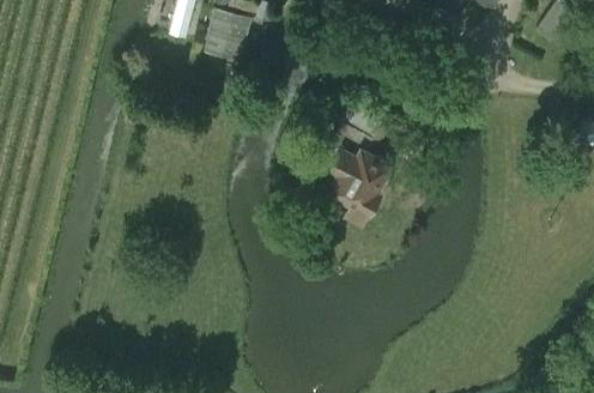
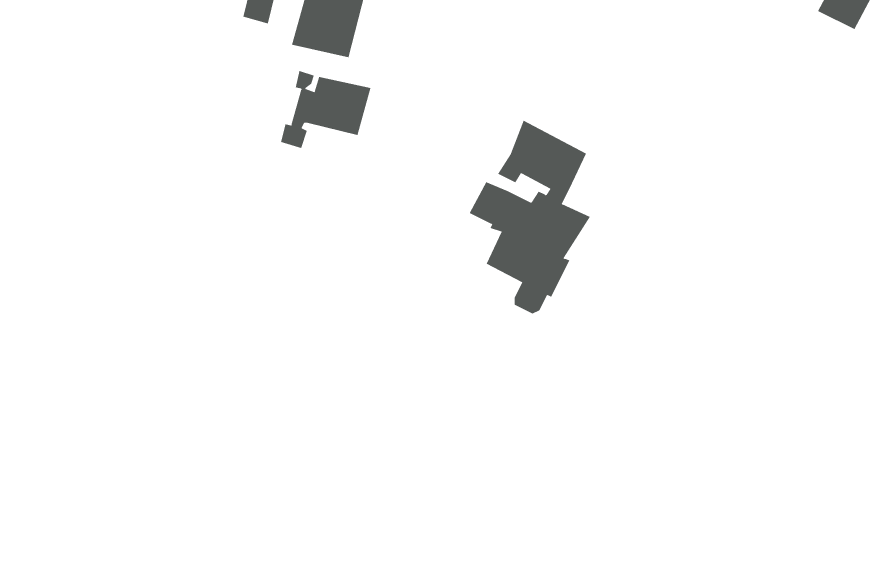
building: none -> [280,70,371,149]

